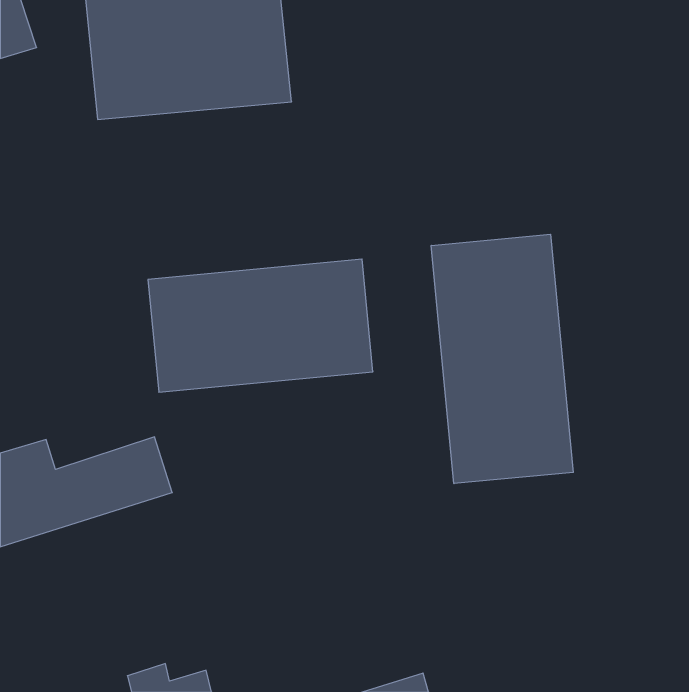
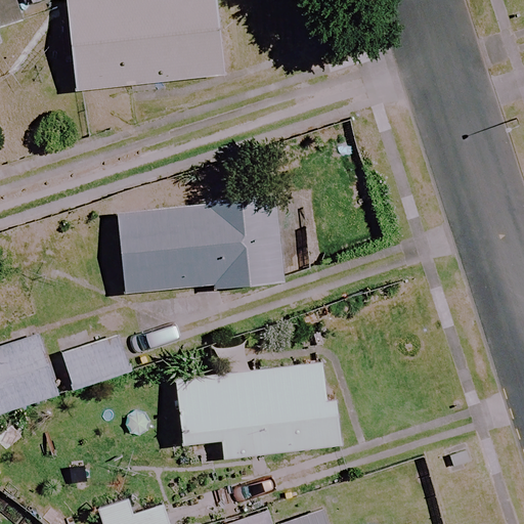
building: [431,234,573,484] -> none
building: none -> [177,363,336,458]

